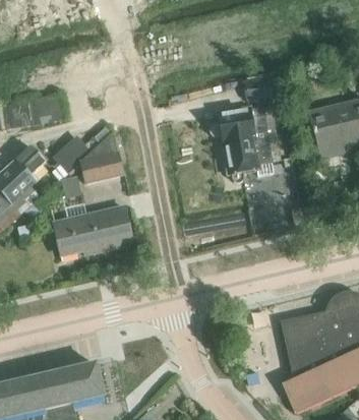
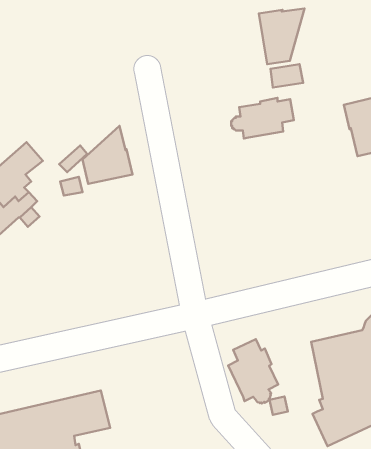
building: none -> [259,8,305,64]
building: [226,136,274,182] -> none
building: [54,206,133,253] -> none
building: none -> [228,339,278,403]

